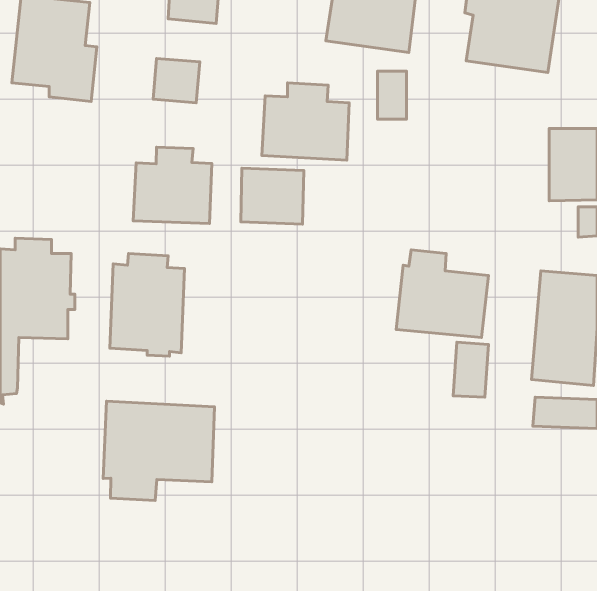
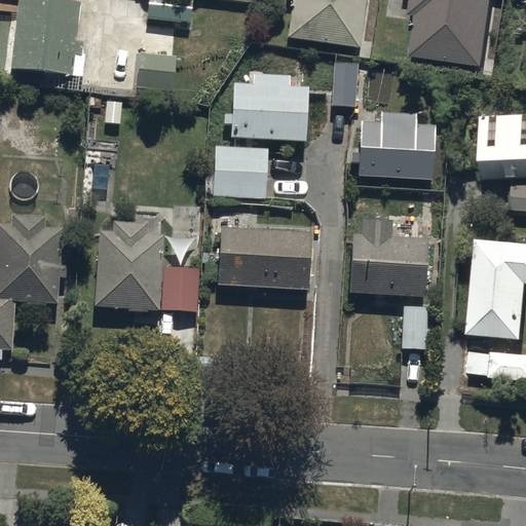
building: none -> [358,111,438,180]
building: [133,147,212,224] -> none
building: none -> [216,227,312,288]
building: none -> [162,267,199,311]
building: [103,401,215,500] -> none

